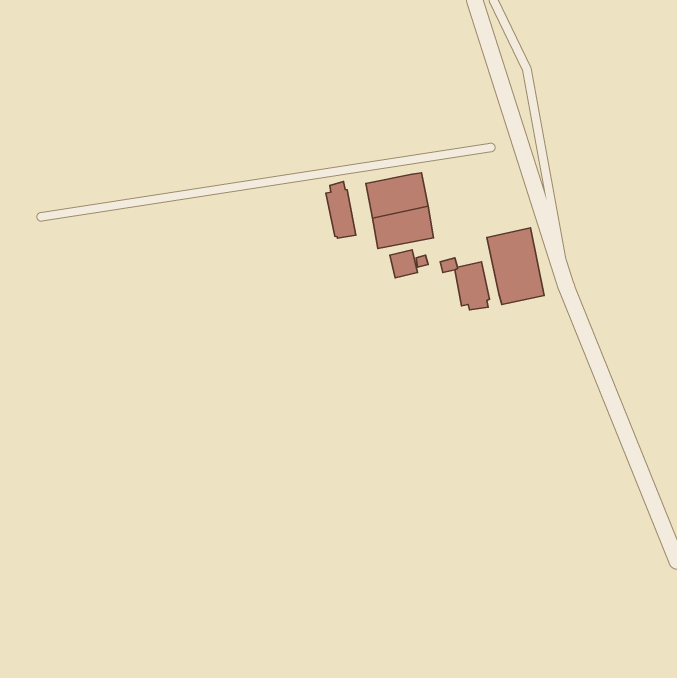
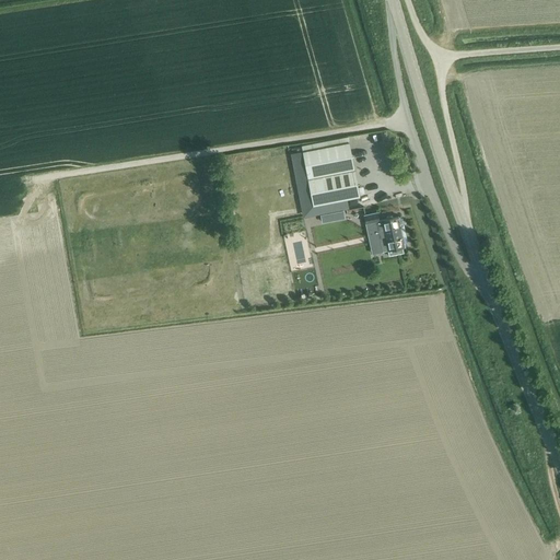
building: [326,181,356,238] -> none
building: [487,228,544,305] -> none

